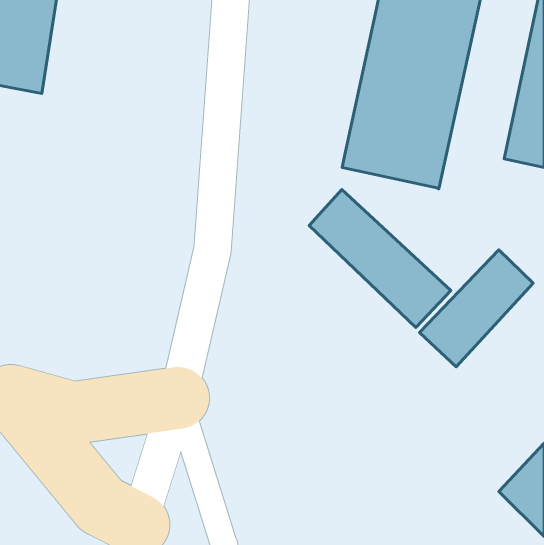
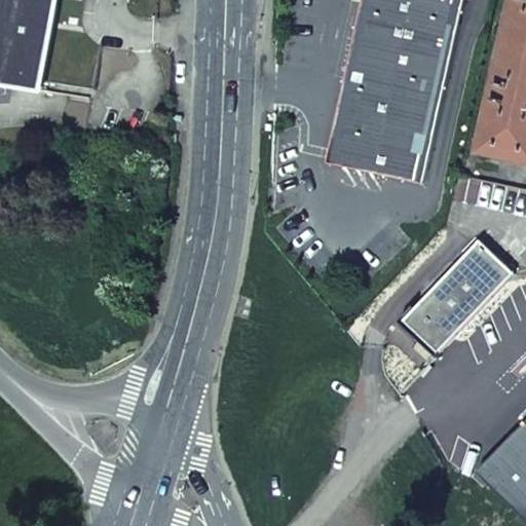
building: [309,190,451,328] -> none

